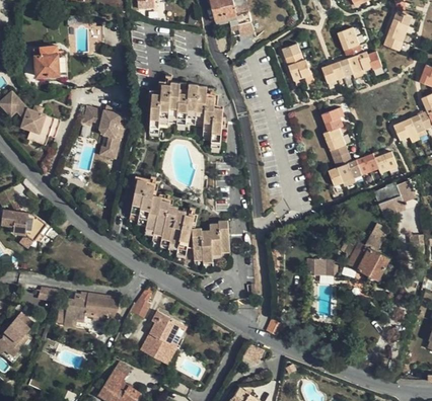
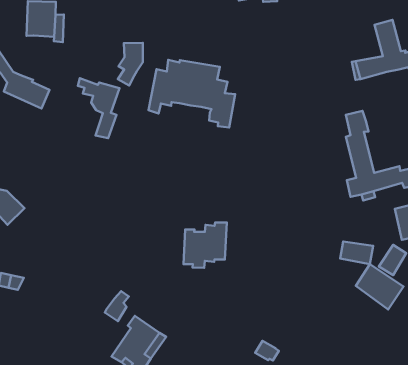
building: [282,44,310,81] -> none
building: none -> [118,43,143,86]
building: [130,179,194,254] -> none
building: [306,258,334,275] -> [340,241,373,264]
building: [64,292,119,326] -> none

